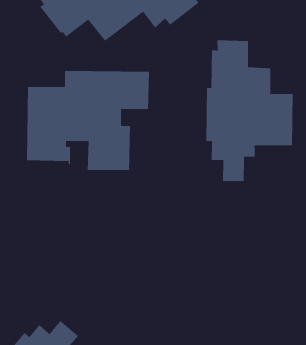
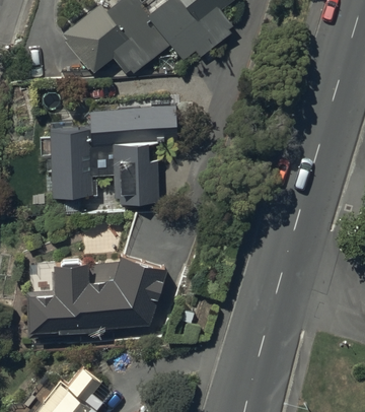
building: [206,39,293,182] -> none
building: none -> [30,256,164,336]

